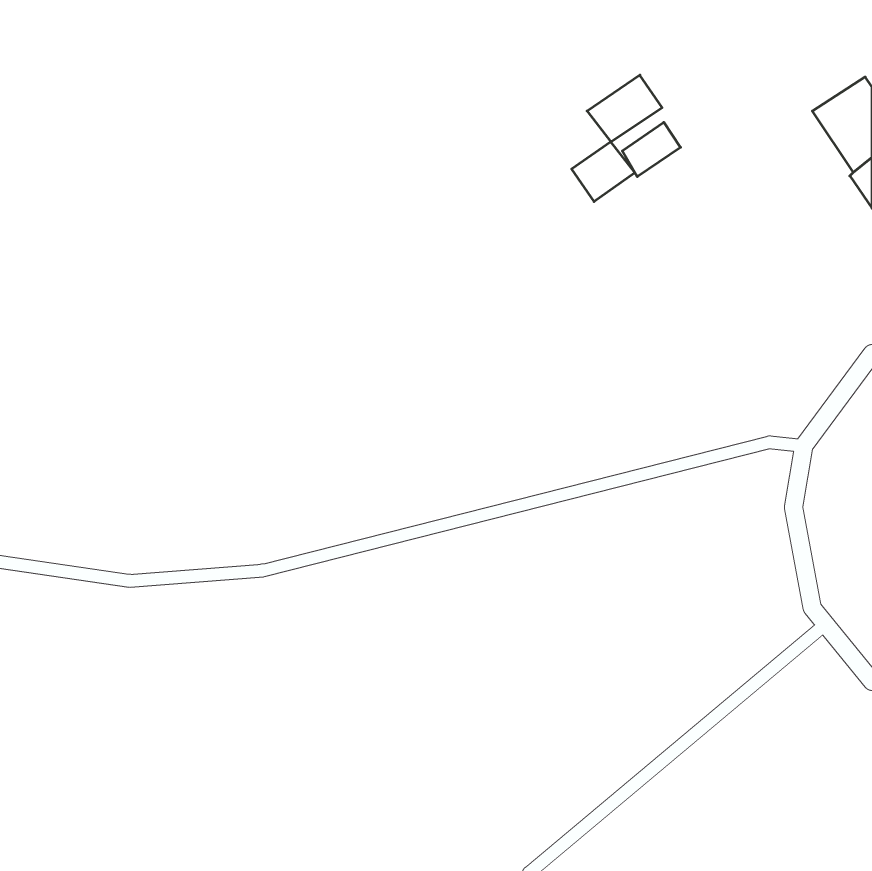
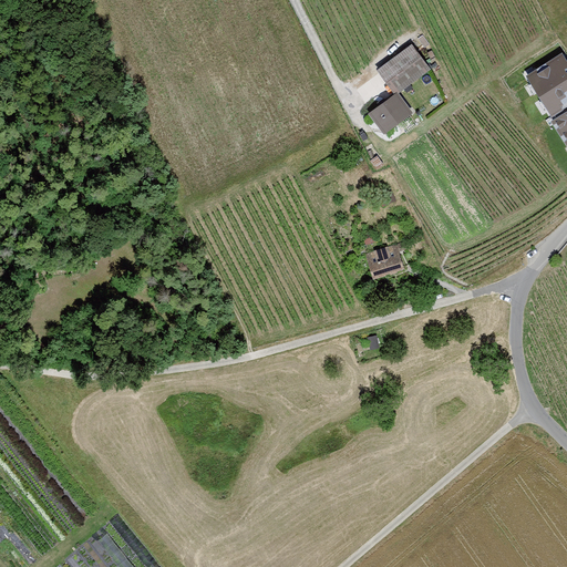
building: [622,122,681,177] -> none
building: none -> [365,244,406,281]

